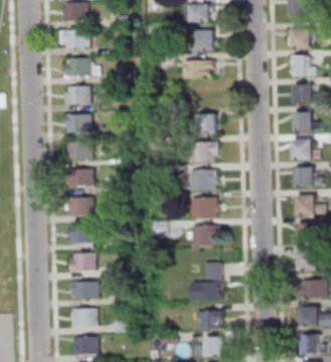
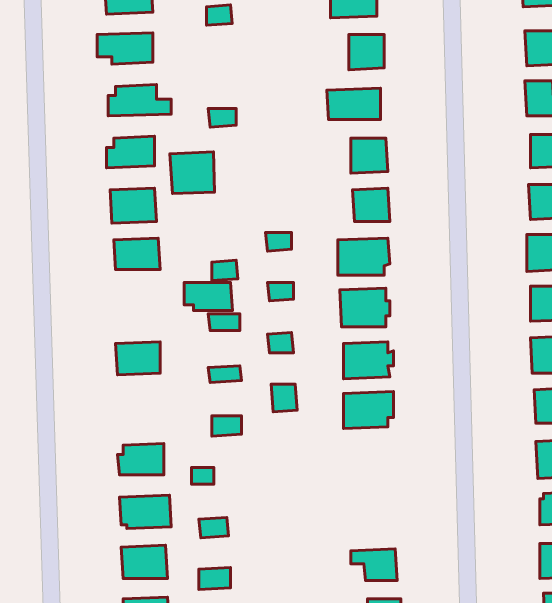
building: none -> [170,152,214,194]
building: [67,170,94,185] -> [184,283,232,310]
building: [68,225,95,243] -> none
building: [191,262,220,301] -> none

